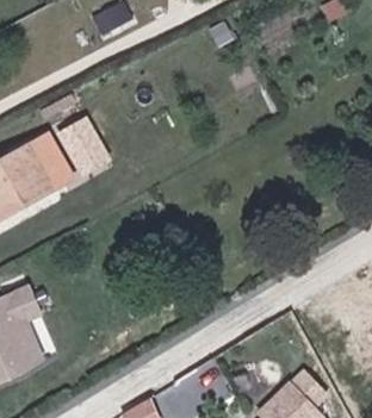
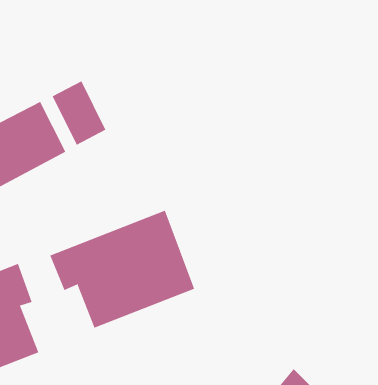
building: none -> [49,210,195,329]

